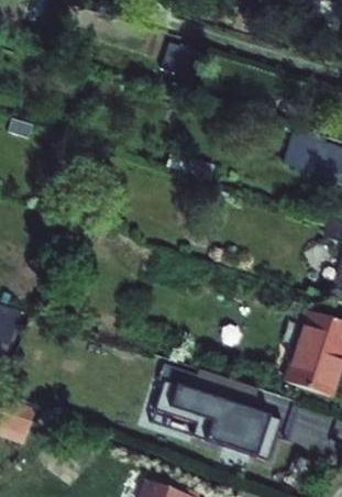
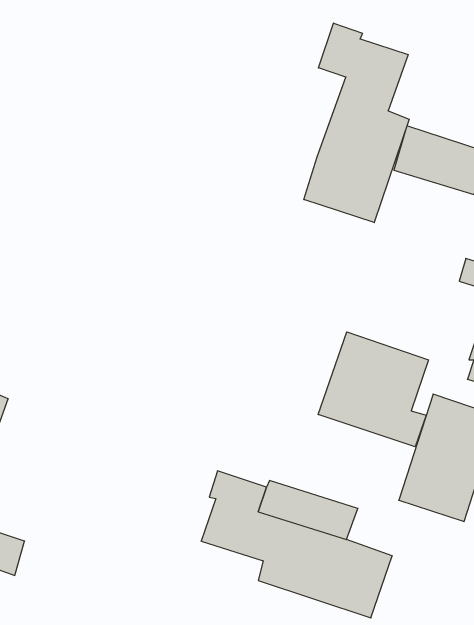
building: none -> [304,23,409,223]
building: none -> [318,332,429,447]

